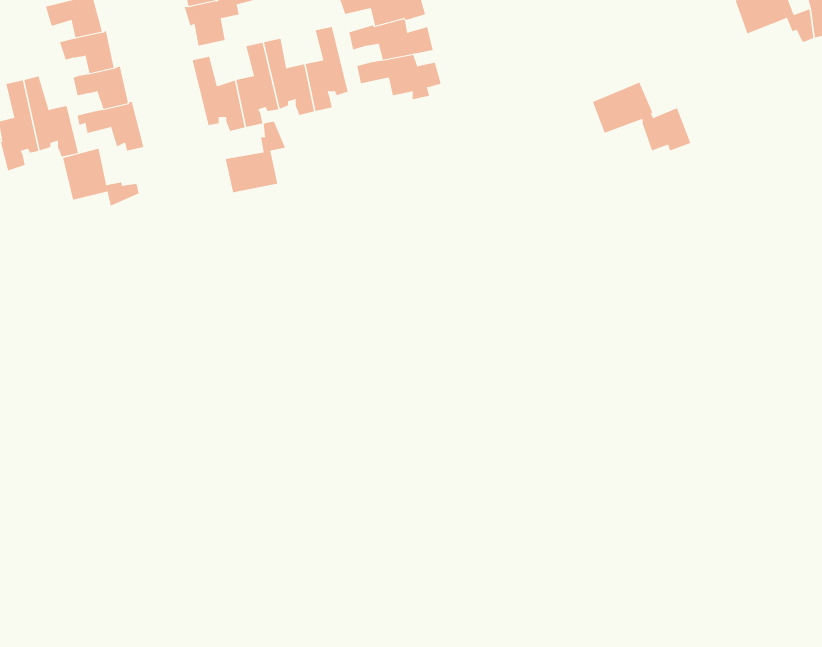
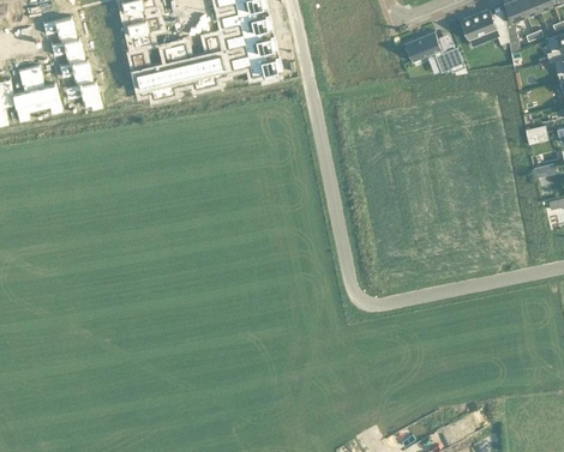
building: [592,82,691,151] -> [404,31,464,73]
building: [225,121,286,193] -> none
building: [63,148,139,207] -> none

